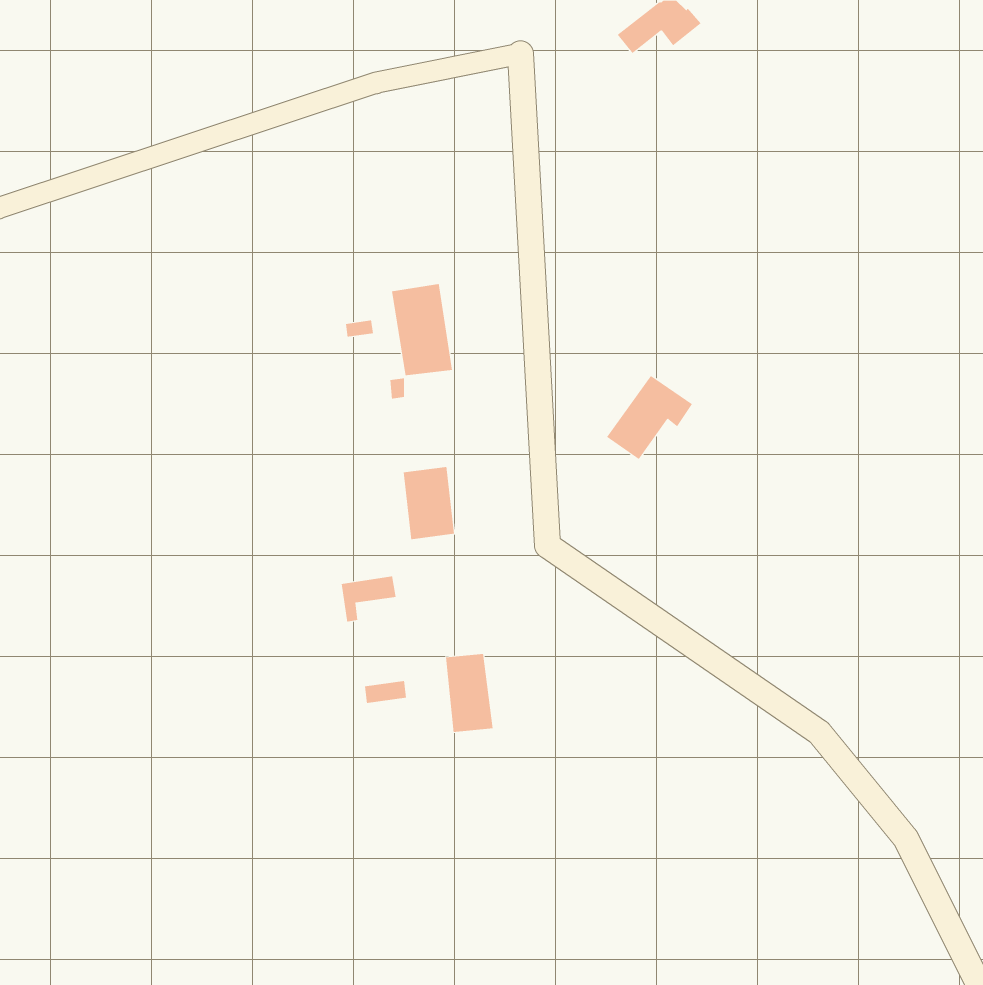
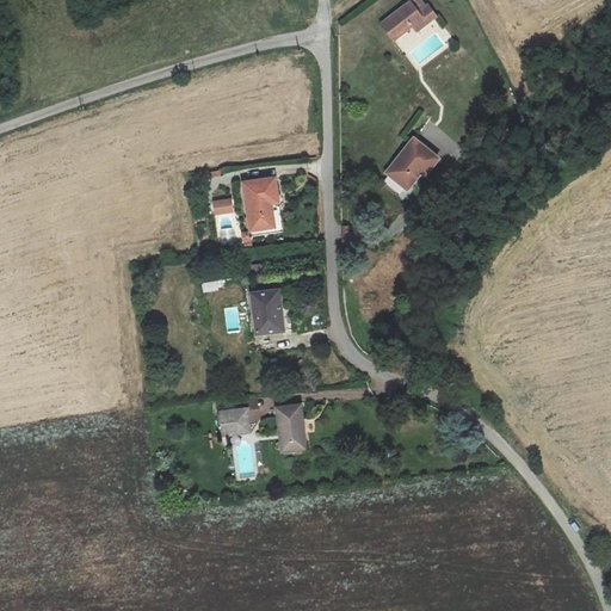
building: [606,375,693,460] -> [384,137,438,190]
building: [341,576,397,622] -> [216,408,251,437]

